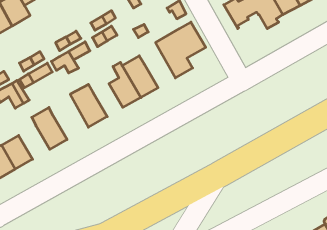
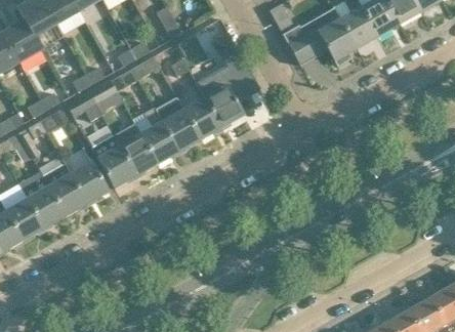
building: none -> [183,95,222,138]
building: none -> [114,123,157,174]
building: none -> [70,161,109,203]
building: none -> [19,171,66,227]

